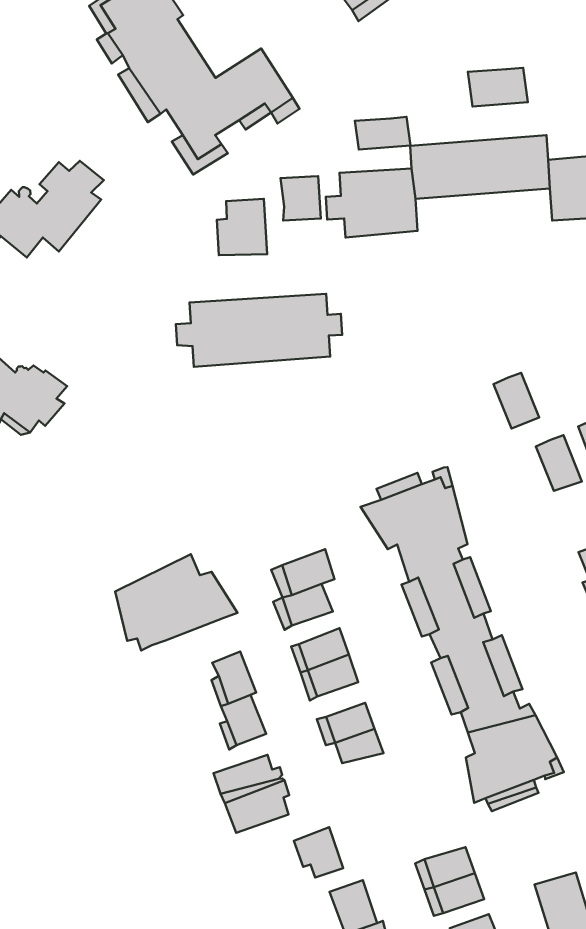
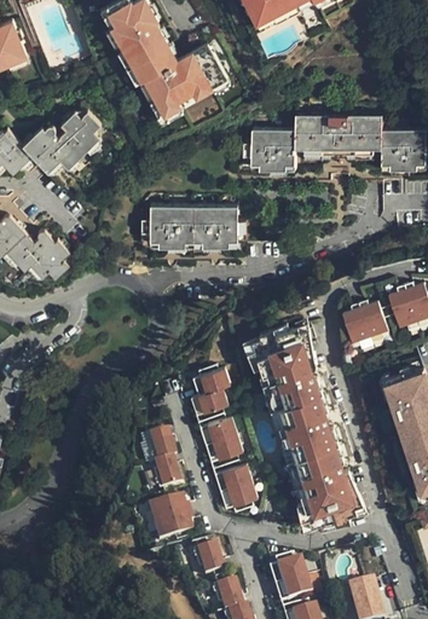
building: [468,68,528,106] -> none
building: [355,117,411,150] -> none
building: [281,176,321,221] -> none
building: [217,199,267,255] -> none
building: [493,373,539,429] -> [346,310,374,345]
building: [115,554,238,650] -> none

